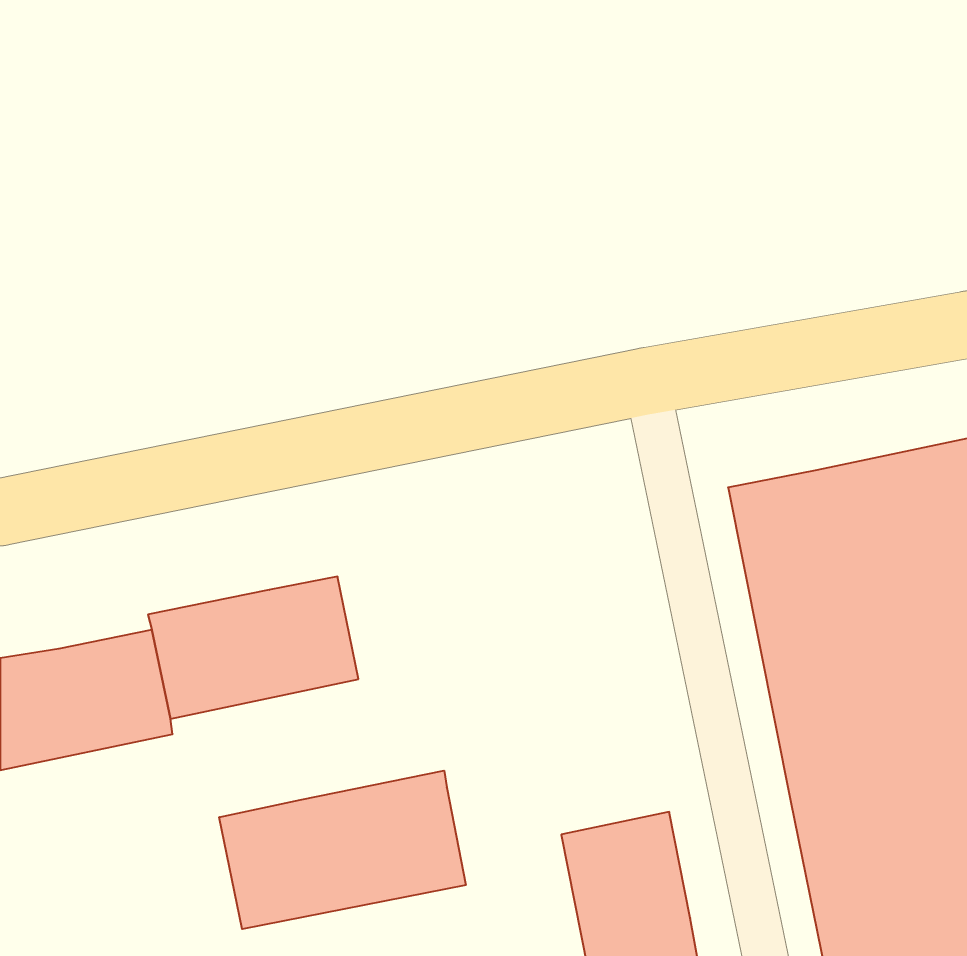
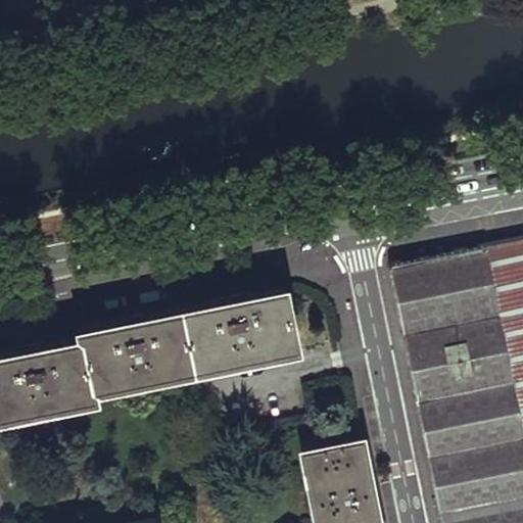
building: none -> [183,295,303,373]
building: [219,771,466,929] -> none

